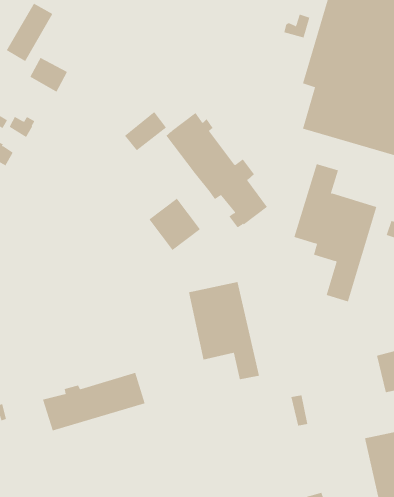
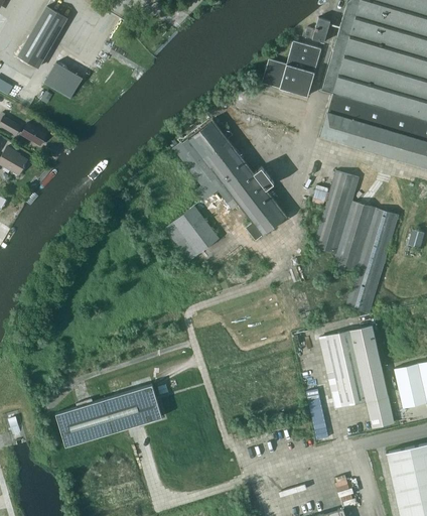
building: none -> [261,40,320,96]
building: [124,111,167,151] -> none
building: [188,281,260,380] -> [319,327,393,427]

